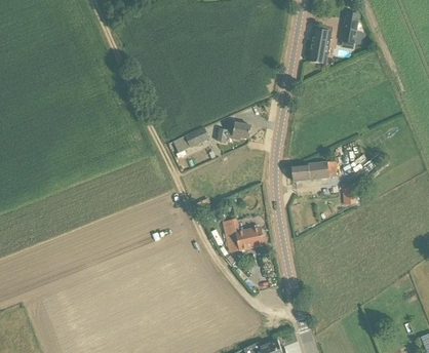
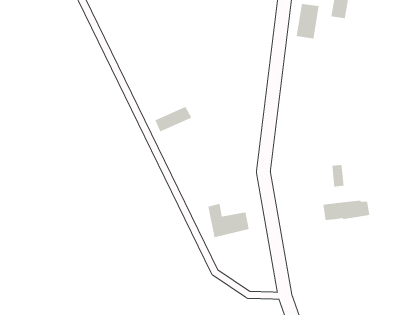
building: [216,122,250,142] -> none
building: [289,161,335,181] -> [323,200,370,221]

